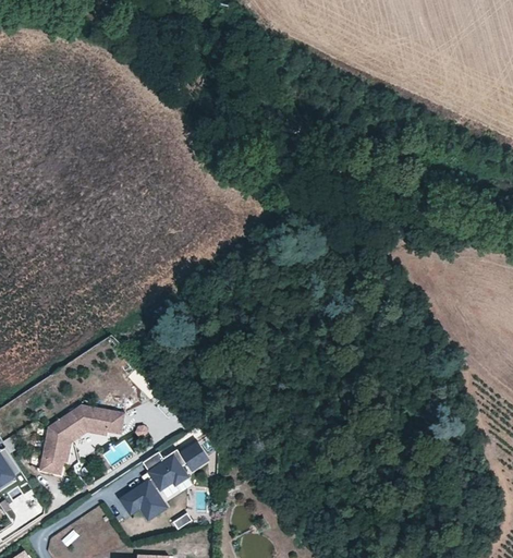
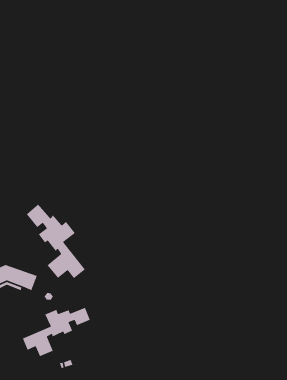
building: none -> [26,204,86,279]

